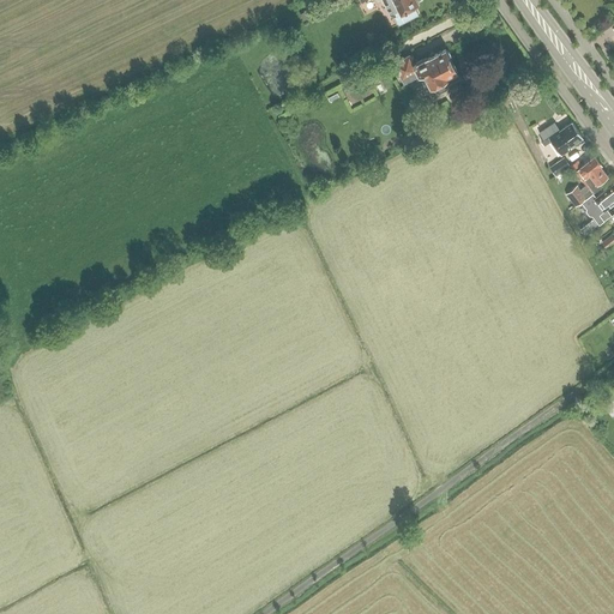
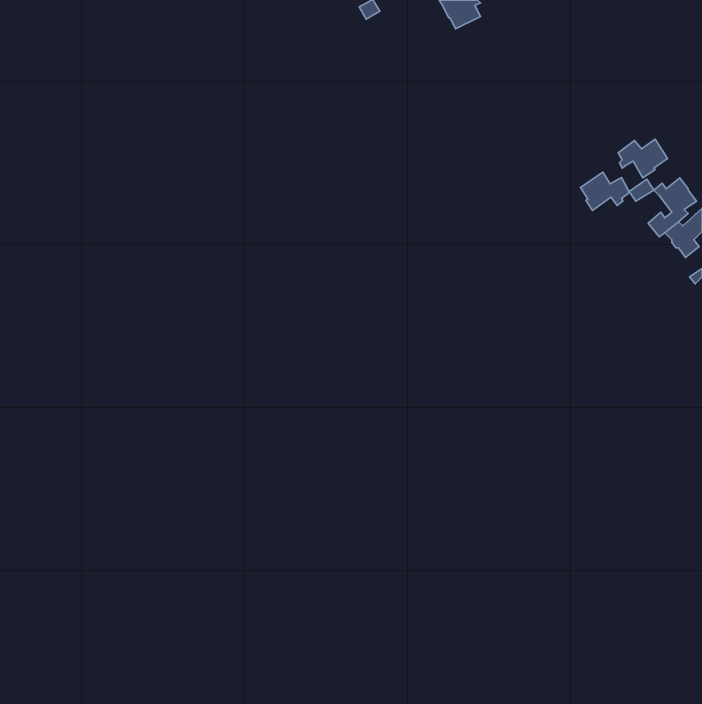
building: [393,49,456,91] -> none
building: none -> [581,172,630,210]

